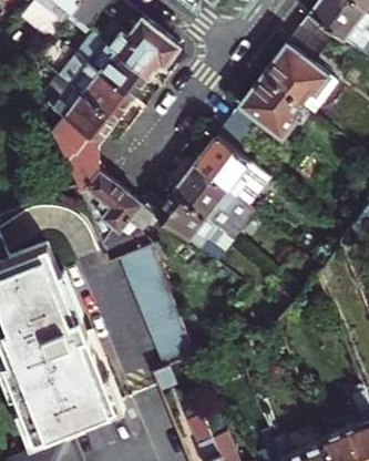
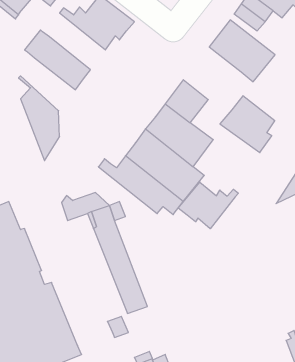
building: [79,30,151,96] -> none
building: [240,71,301,134] -> [220,96,275,153]
building: [47,74,117,142] -> none
building: [89,171,141,236] -> none
building: none -> [178,182,238,229]

